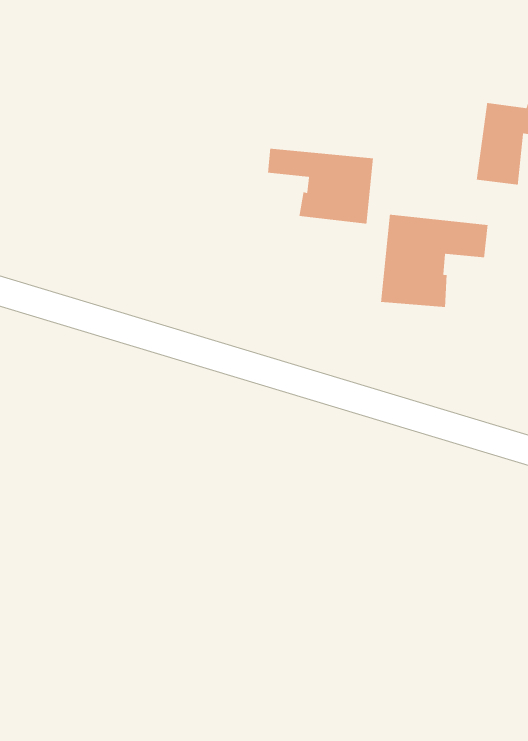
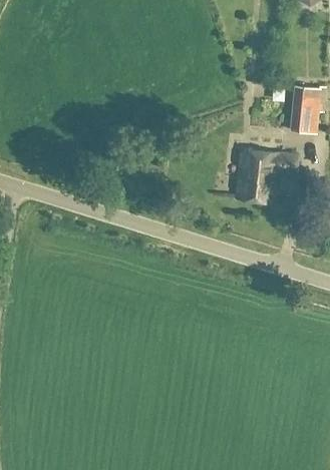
building: [267,148,374,224] -> none

